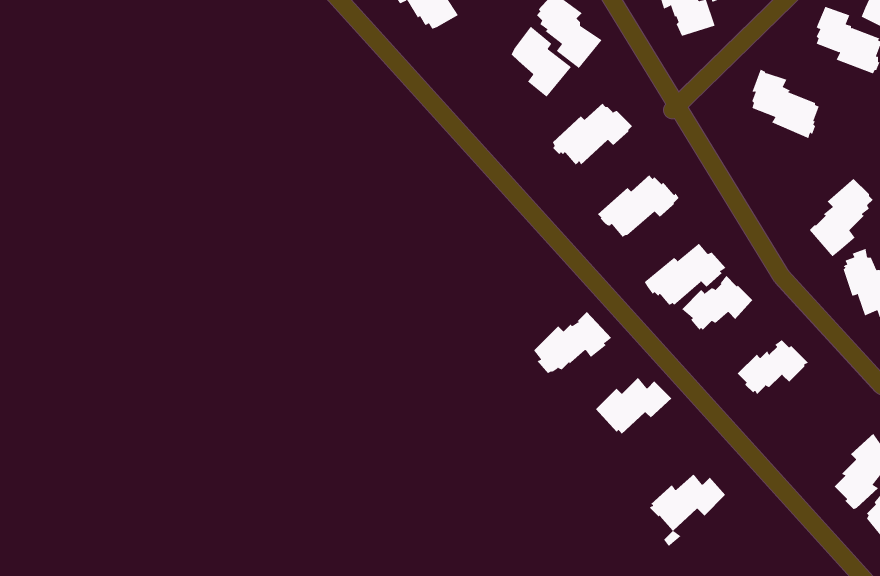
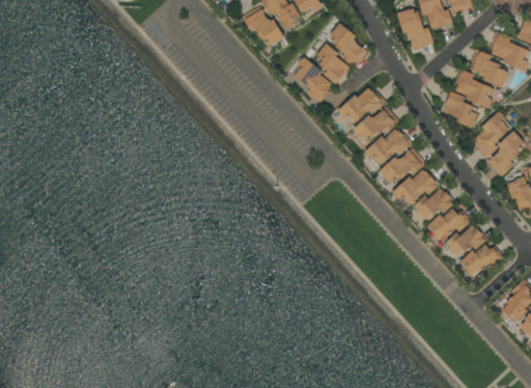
building: none -> [467,50,507,88]
building: none -> [292,58,331,103]
building: none -> [442,91,477,129]
building: none -> [354,107,399,142]
building: none -> [473,112,509,159]
building: [533,311,612,374] -> [380,148,425,185]
building: [595,377,672,434] -> [426,209,471,242]
building: [649,473,726,547] -> [458,244,503,286]

